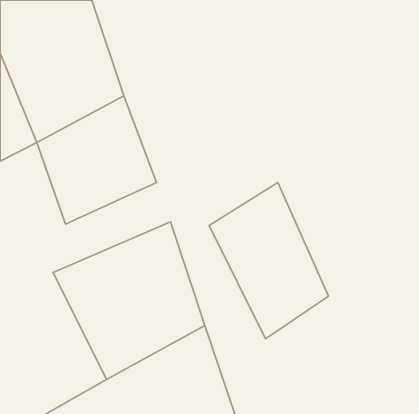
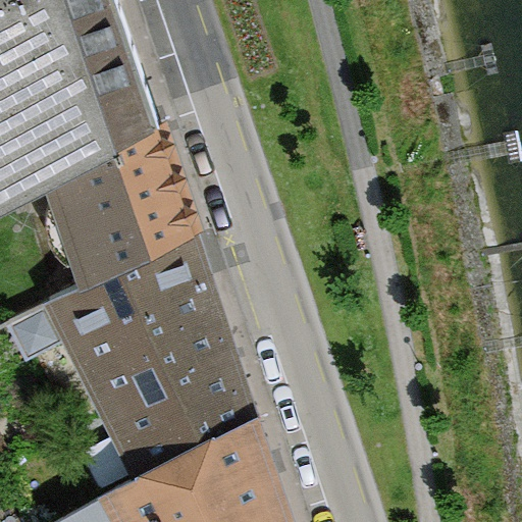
building: [209,182,329,339] -> none
building: none -> [44,232,212,345]

